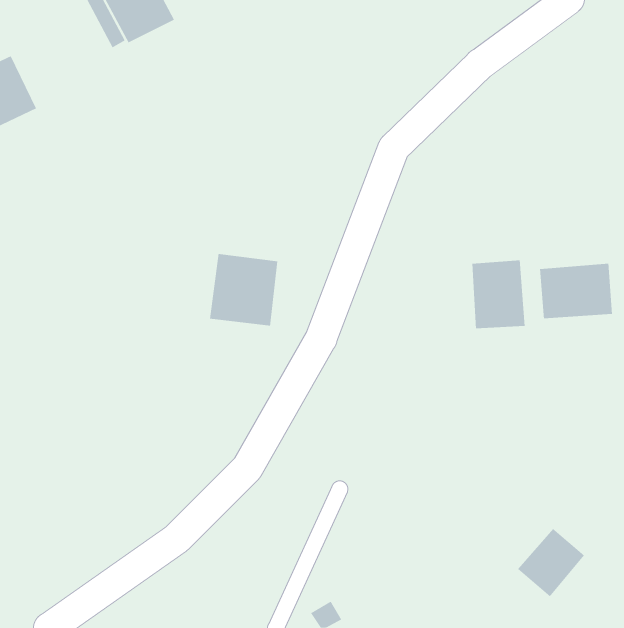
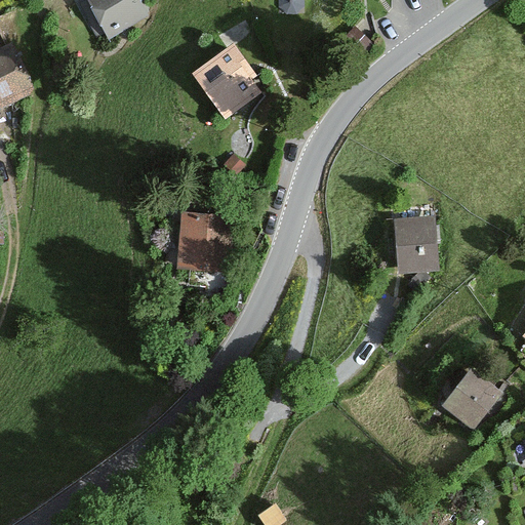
building: none -> [195,45,259,117]
building: [540,263,613,319] -> none
building: [517,528,585,597] -> [445,371,501,429]

